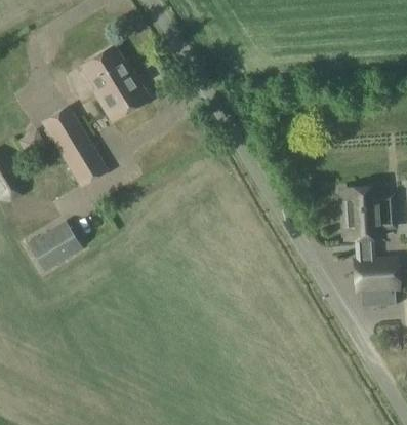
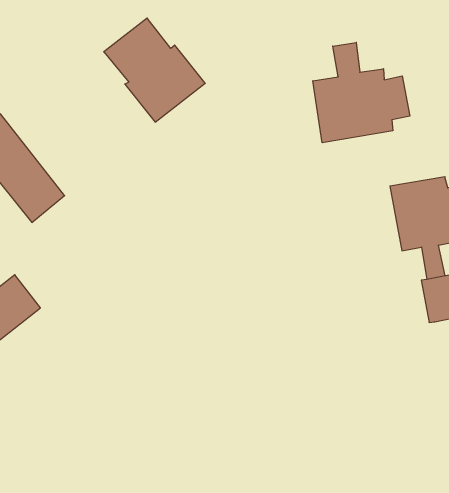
building: [80,45,150,120] -> [104,18,205,122]
building: none -> [313,42,410,143]

